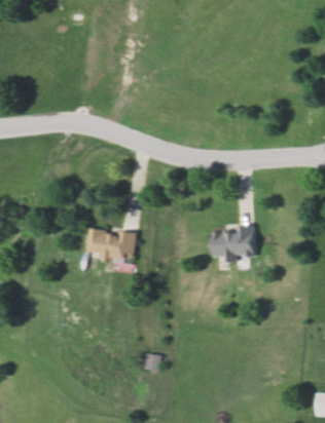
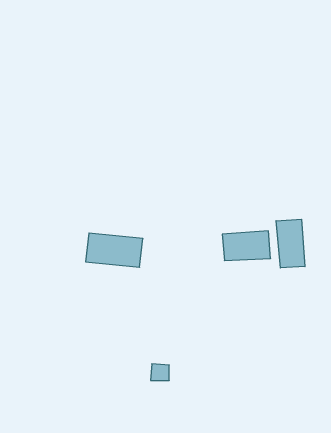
building: none -> [276,219,305,268]

